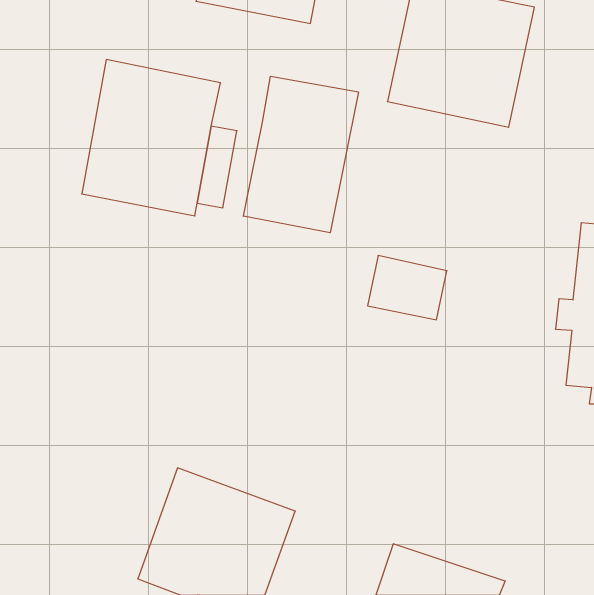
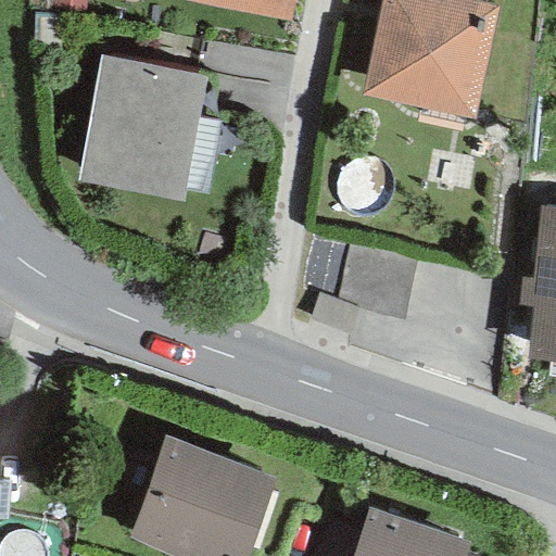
building: [243,76,358,233] -> none

